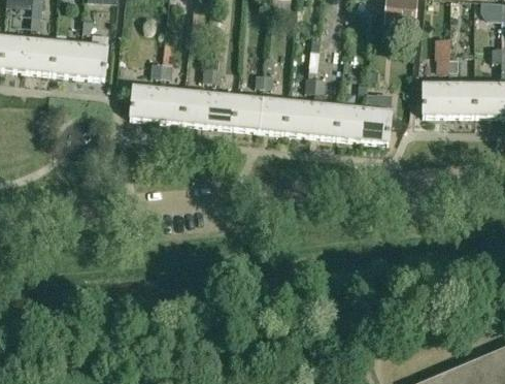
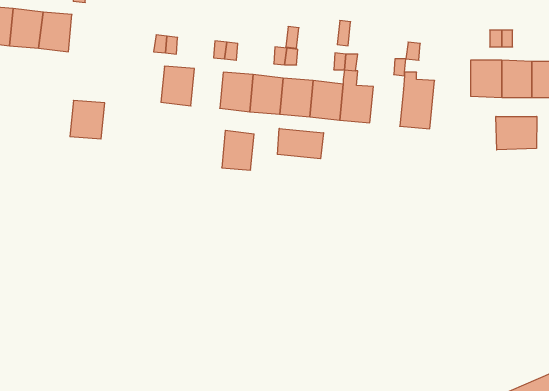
building: [78,44,108,78] -> none
building: [131,87,161,120] -> [70,100,105,139]
building: [183,91,211,125] -> [222,130,254,170]
building: [337,106,366,140] -> none
building: none -> [496,116,537,150]
building: none -> [277,128,324,159]

